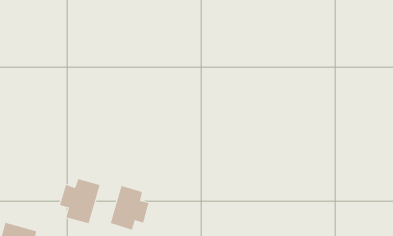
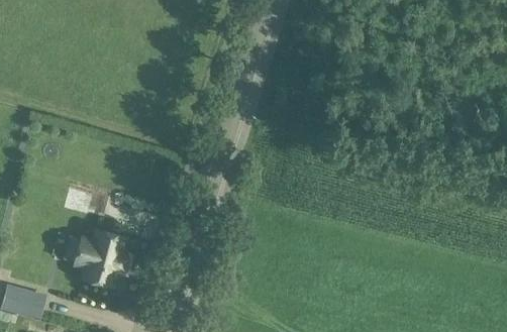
building: [110,185,149,230] -> none

